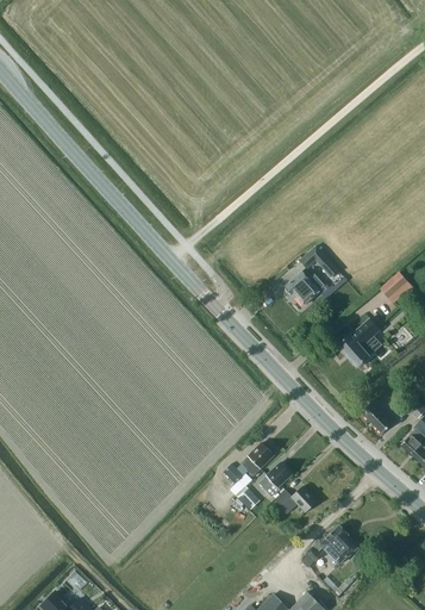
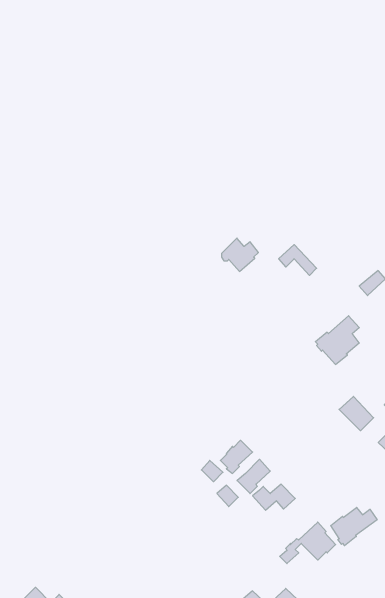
building: [286,272,323,305] -> [222,238,258,271]
building: none -> [331,507,377,546]

